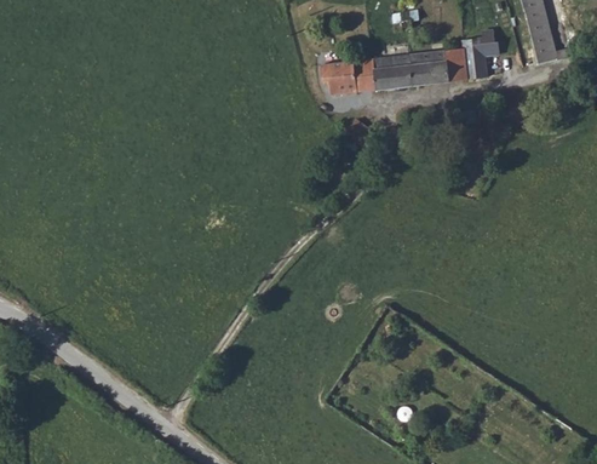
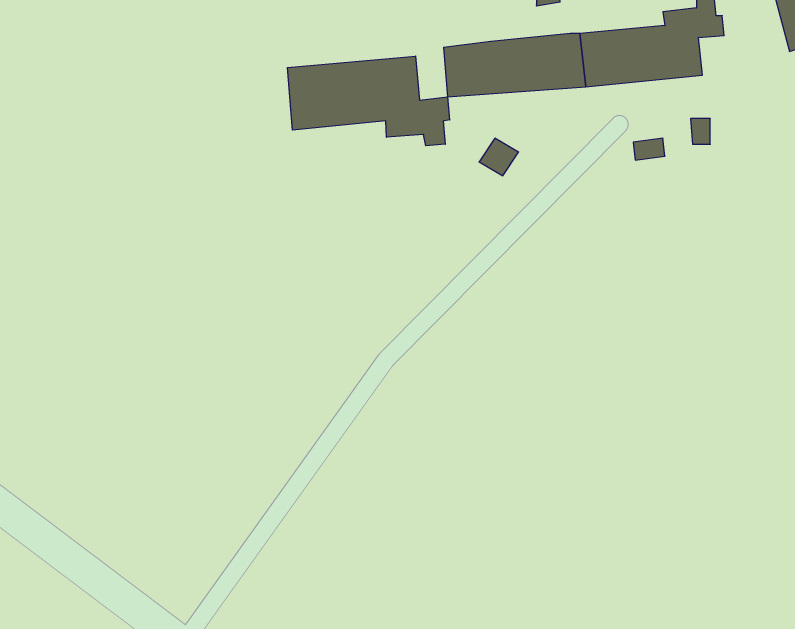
building: none -> [287,56,450,146]

